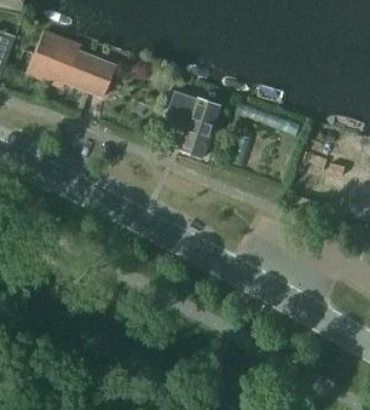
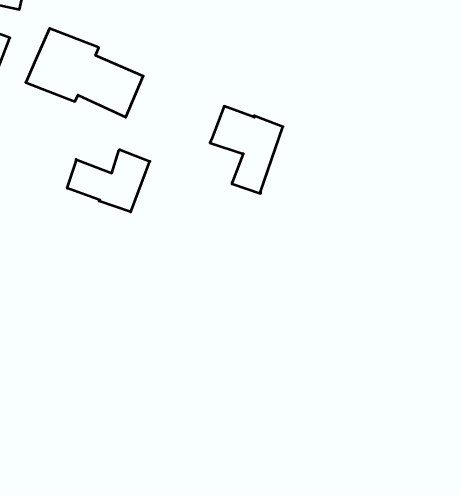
building: none -> [67,150,150,212]

